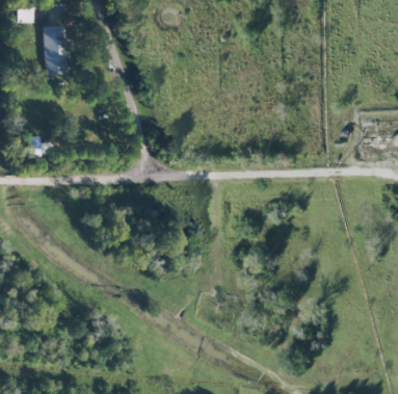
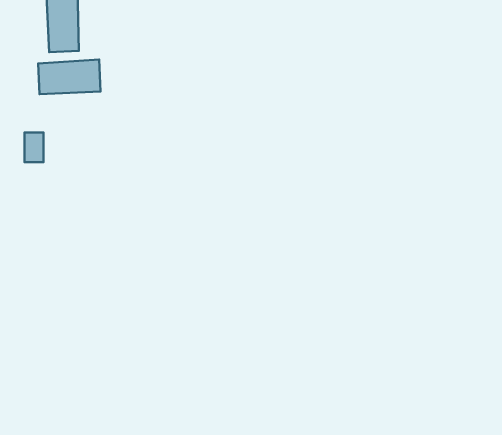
building: none -> [38,60,101,94]

